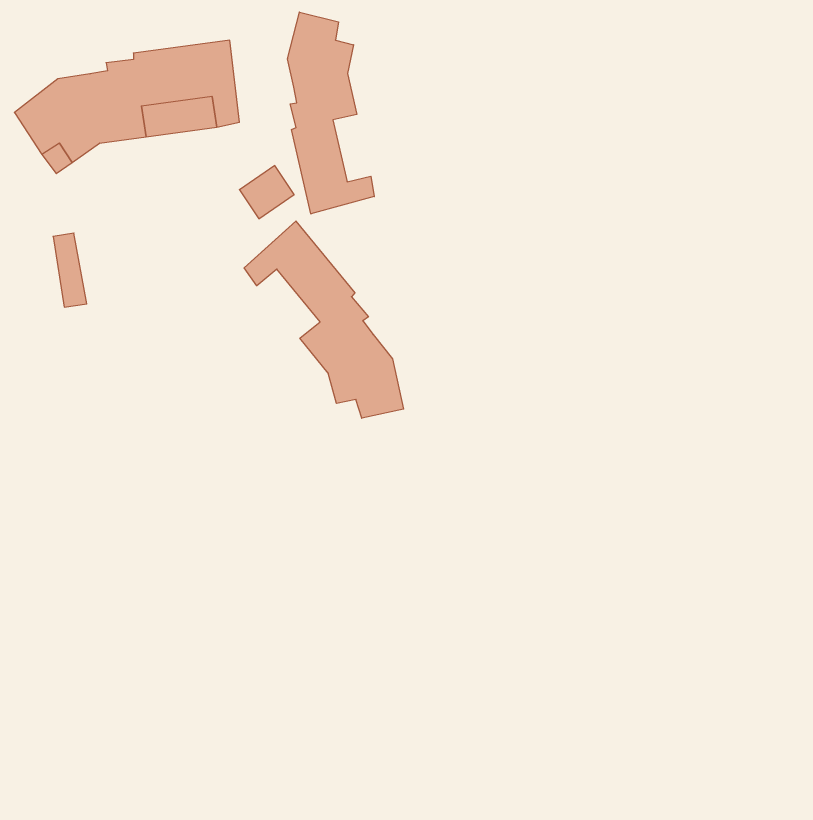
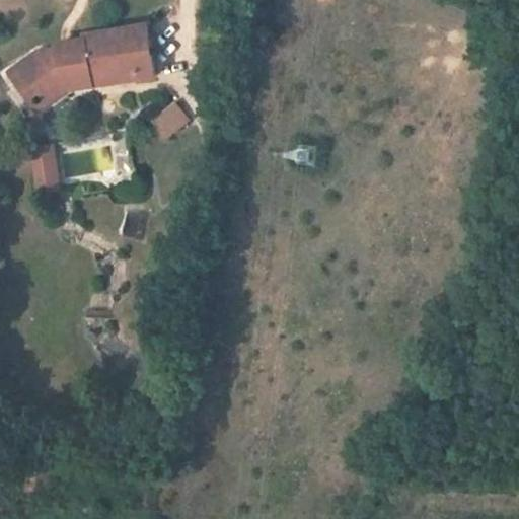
building: [288,12,374,214] -> none
building: [244,221,404,418] -> none

